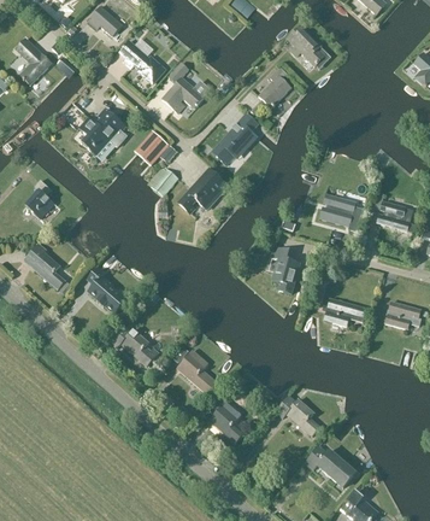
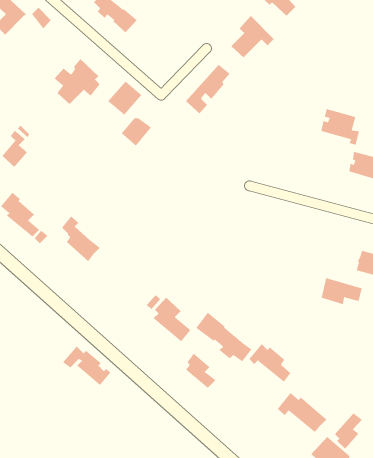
building: [160,62,204,115] -> none
building: [178,169,229,213] -> none
building: [319,194,359,232] -> [320,109,360,146]
building: [272,246,299,293] -> none
building: [324,298,366,326] -> [321,278,363,305]
building: [108,324,158,365] -> [62,345,111,386]
building: none -> [196,312,252,362]
building: none -> [334,413,363,450]

